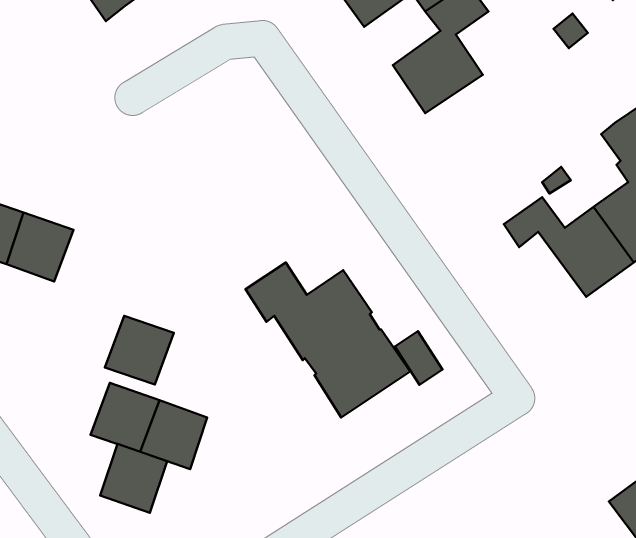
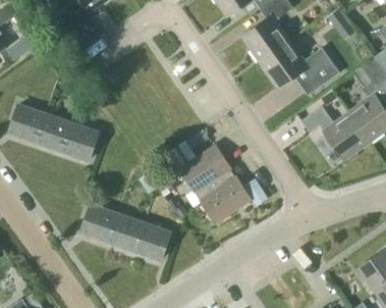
building: none -> [260,42,340,89]
building: [105,316,174,385] -> [62,124,99,161]
building: [100,444,167,513] -> [134,224,170,261]

